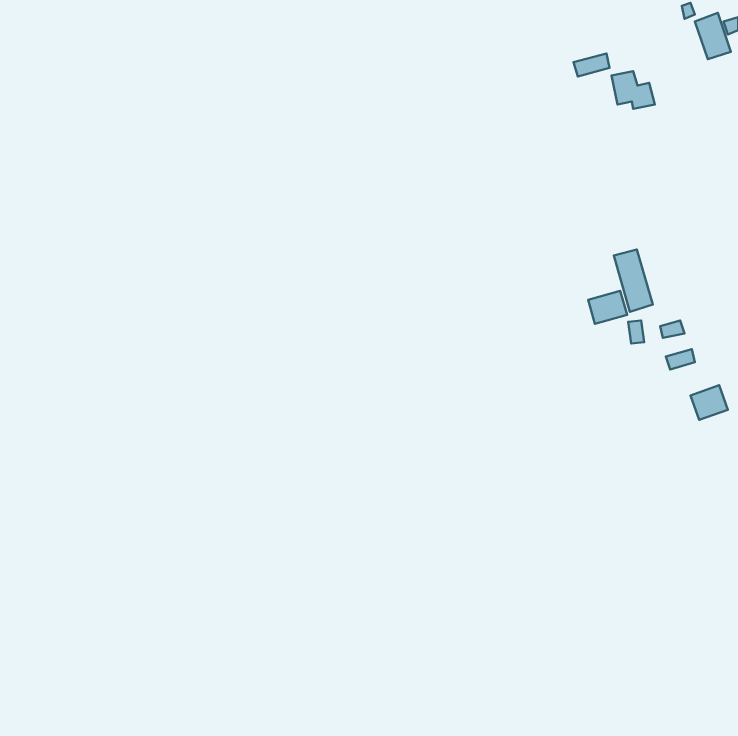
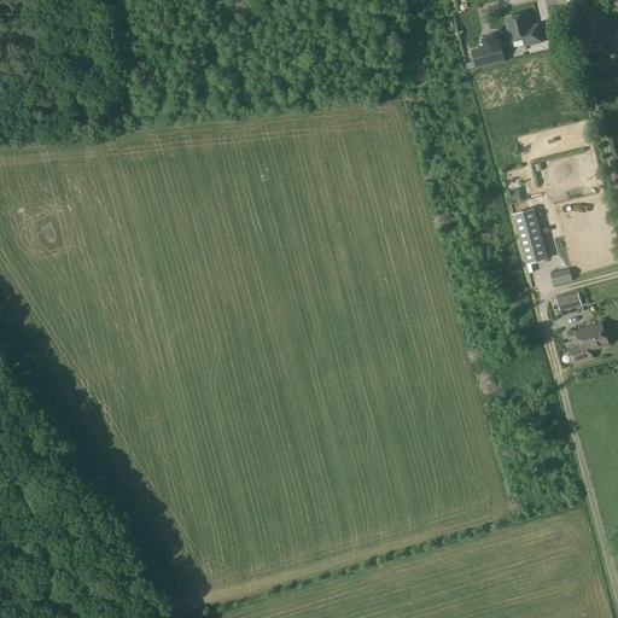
building: [612,71,655,109] -> [507,13,543,45]
building: [588,291,627,324] -> none

